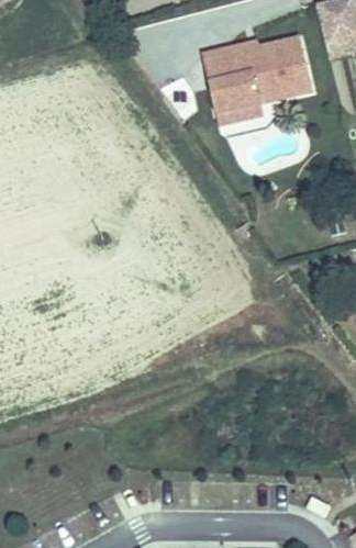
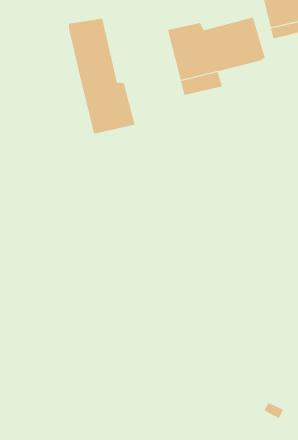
building: none -> [69,18,135,135]

